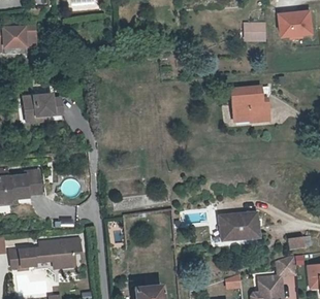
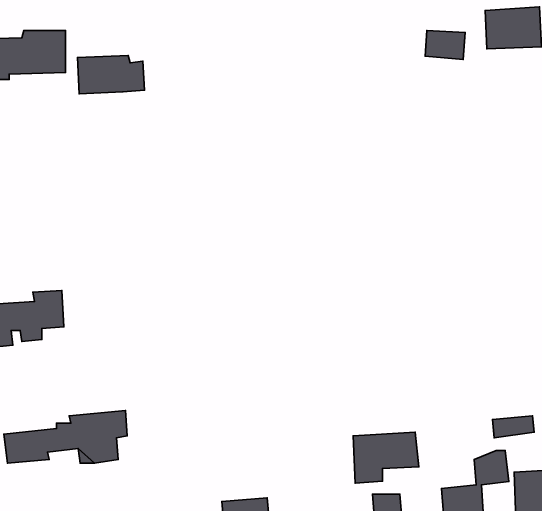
building: [222,88,266,124] -> none
building: [19,93,57,114] -> [77,56,145,94]
building: [213,213,250,242] -> [353,432,419,483]

